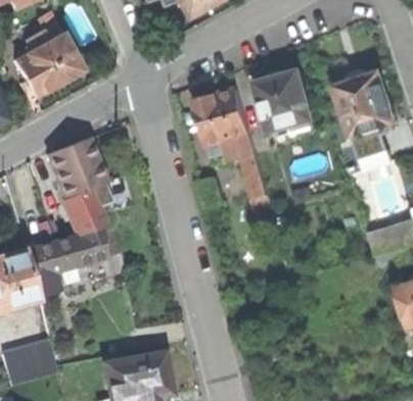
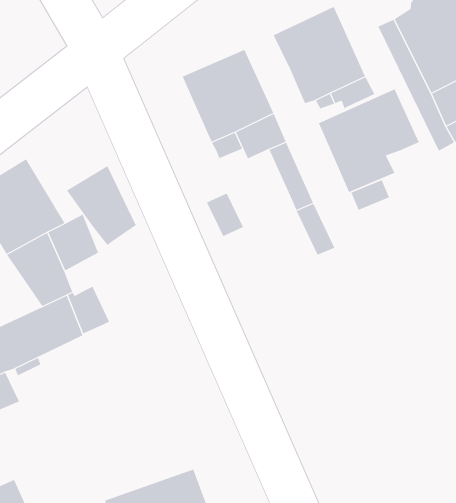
building: none -> [318,89,419,193]
building: none -> [66,165,137,246]

